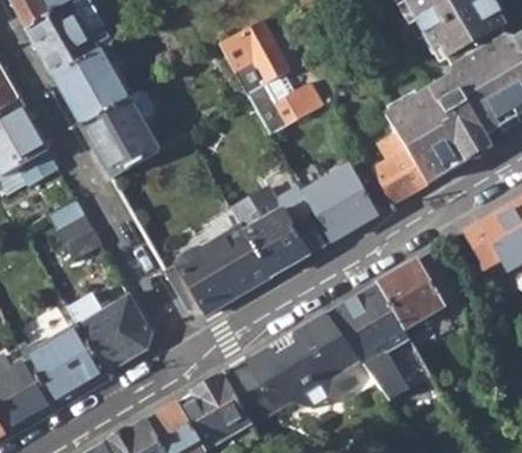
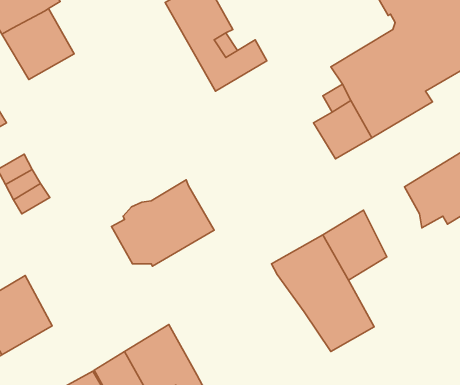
building: [80,88,156,174] -> none
building: [293,161,393,240] -> none
building: [230,185,324,275] -> none
building: [76,291,151,373] -> none
building: [223,310,361,423] -> none

